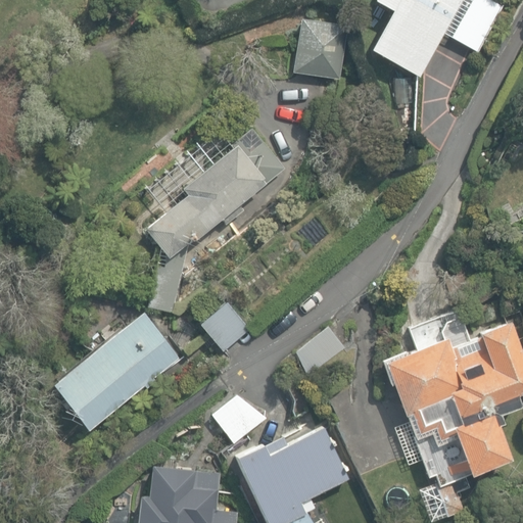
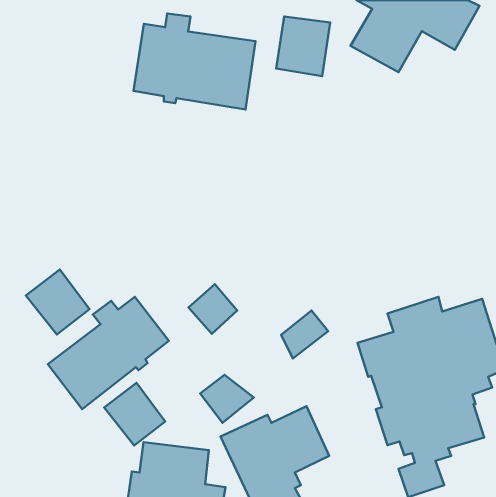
building: none -> [133,14,255,109]
building: [145,128,286,314] -> none
building: none -> [26,269,89,334]
building: none -> [104,383,165,446]

